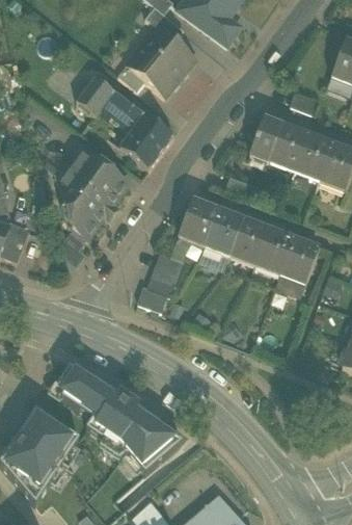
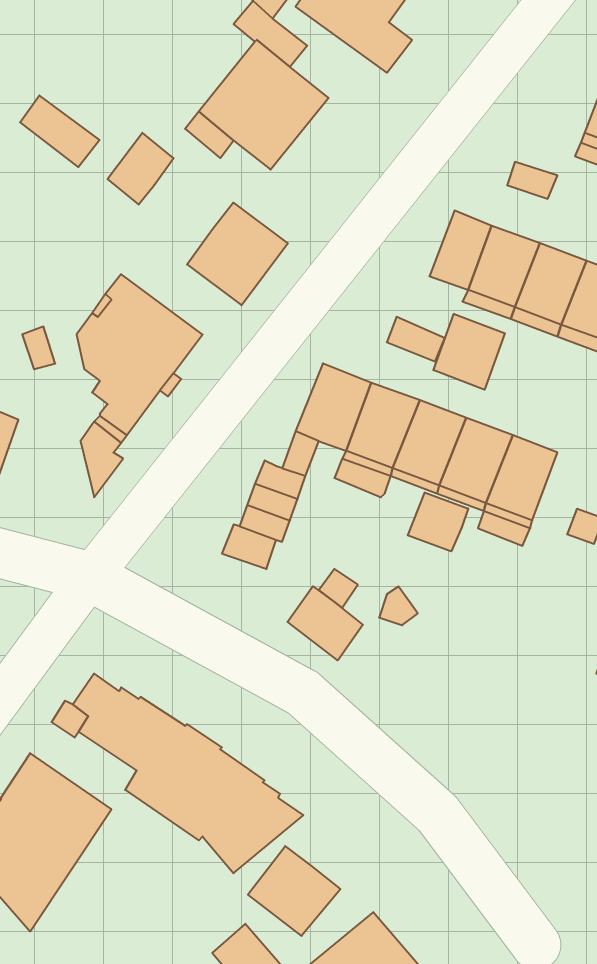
building: [103,88,145,127] -> [20,95,100,167]
building: none -> [433,314,505,390]
building: none -> [408,492,468,551]
building: none -> [287,586,363,660]
building: none -> [248,846,340,936]

